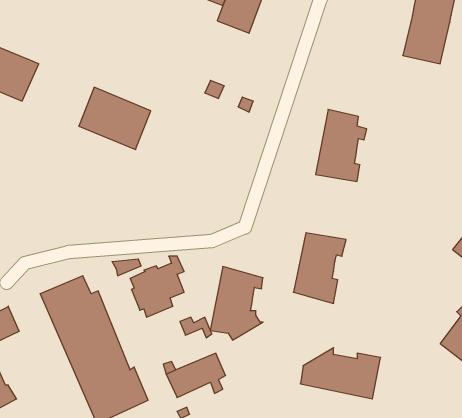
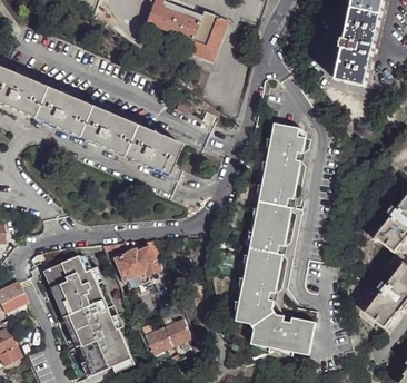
building: none -> [29,85,87,135]
building: none -> [120,122,179,173]
building: none -> [257,174,298,226]
building: [210,267,263,340] -> [237,268,279,327]

